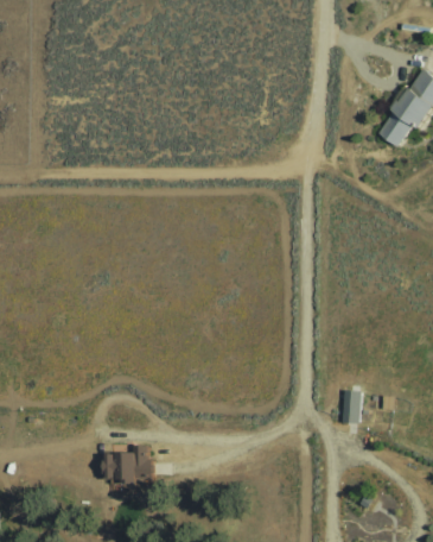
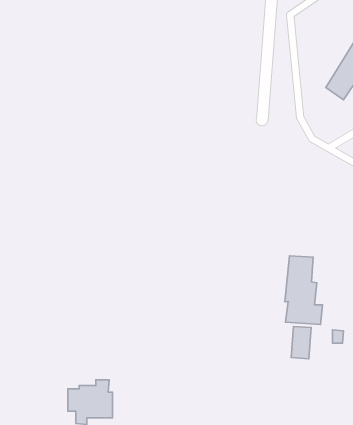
building: none -> [285,256,322,325]

